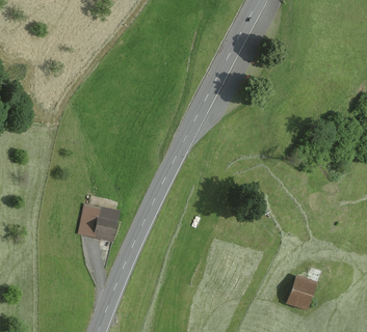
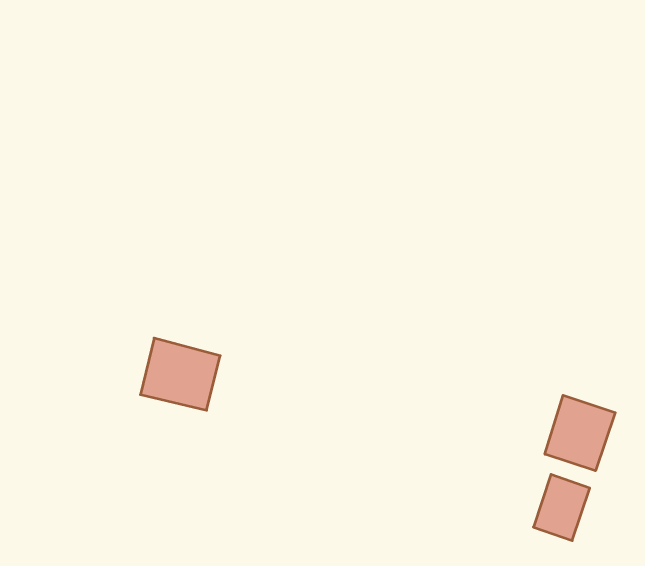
building: none -> [545,395,615,471]

